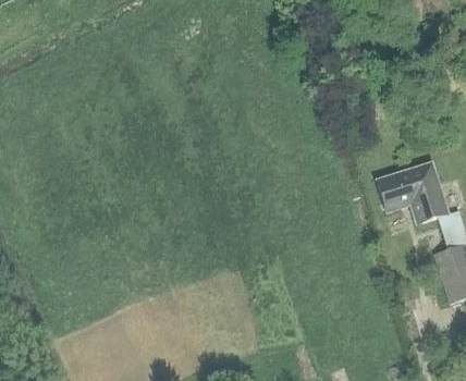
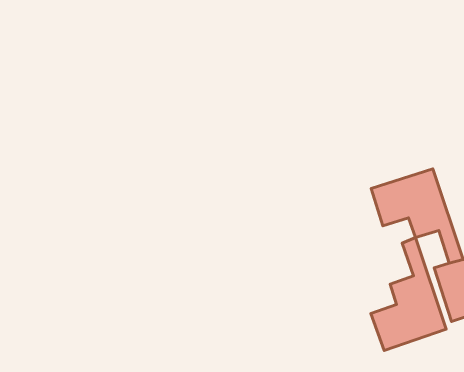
building: none -> [371,238,446,351]

